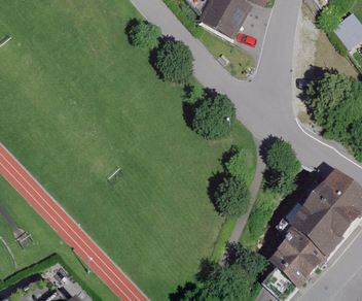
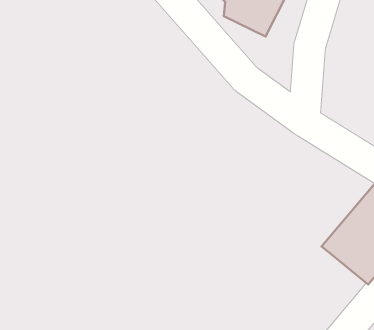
building: [265,225,326,285] -> none

